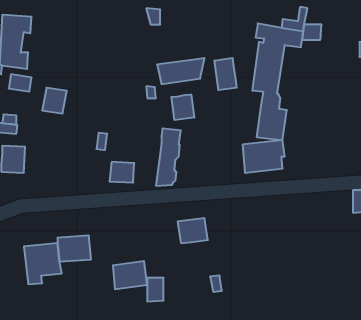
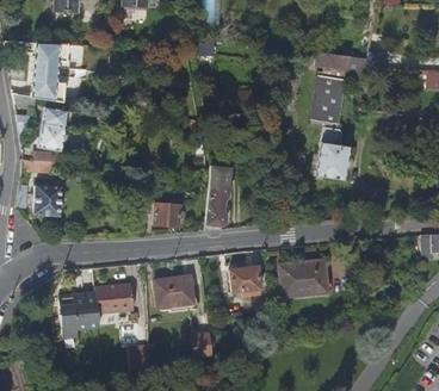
building: [215,58,237,90] -> none
building: [42,88,67,114] -> [37,122,64,150]
building: [171,94,194,120] -> none
building: [243,140,285,173] -> [279,260,326,296]
building: [113,261,147,289] -> [155,275,193,306]

